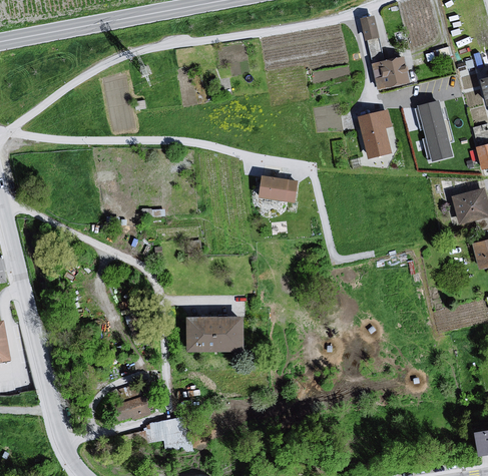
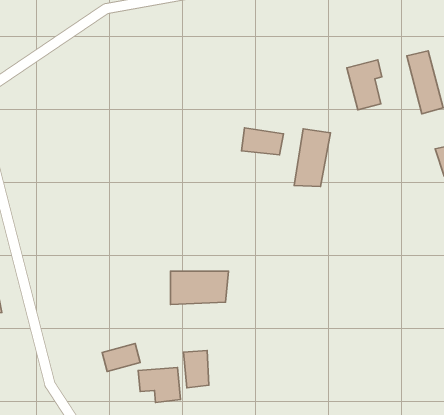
building: [373,57,410,89] -> none
building: none -> [294,129,331,187]
building: none -> [184,350,209,388]

